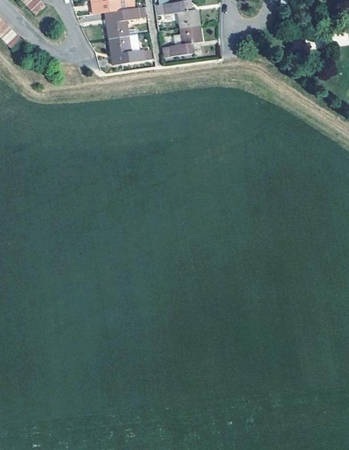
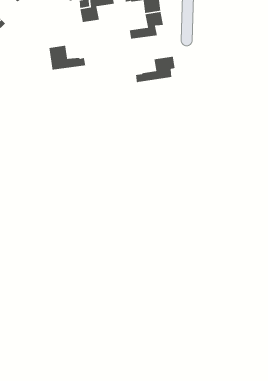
building: [109,35,152,64] -> [48,45,86,70]
building: none -> [135,56,176,83]

